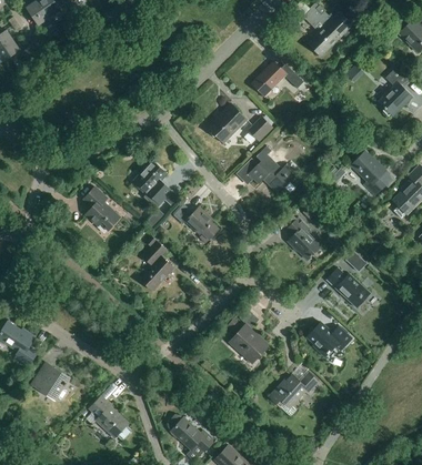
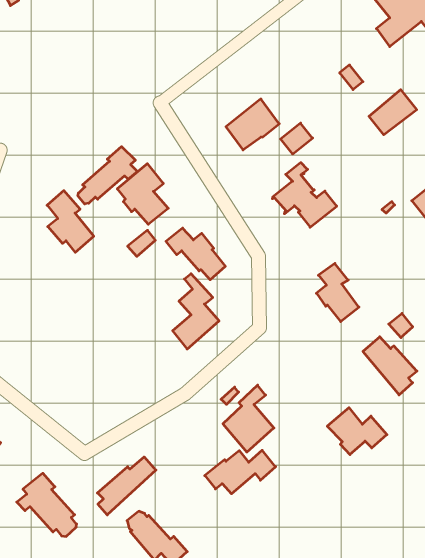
building: [252,61,287,95] -> [369,90,417,135]
building: none -> [78,147,138,204]
building: [140,235,173,291] -> [173,274,219,349]
building: [269,373,320,407] -> [205,450,276,494]
building: none -> [97,457,156,515]

